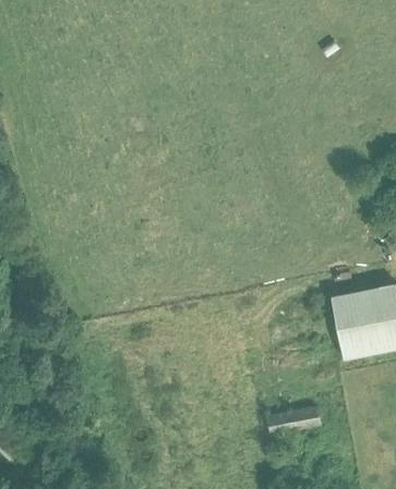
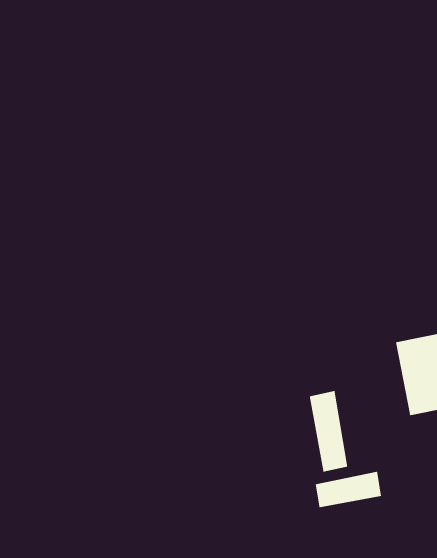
building: none -> [309,390,348,472]

